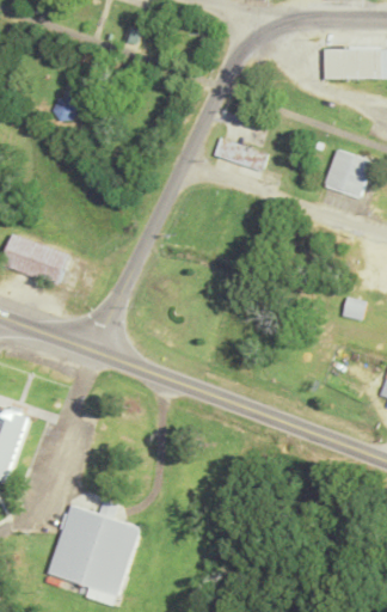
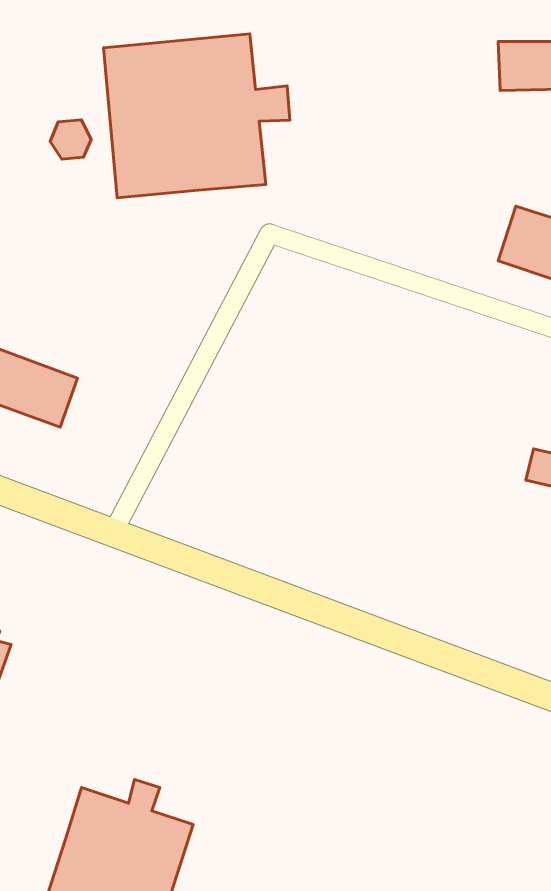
building: none -> [104,34,290,198]
building: [215,136,268,171] -> none

